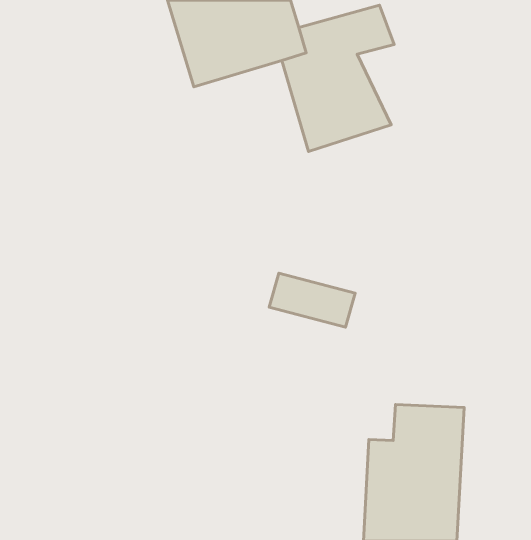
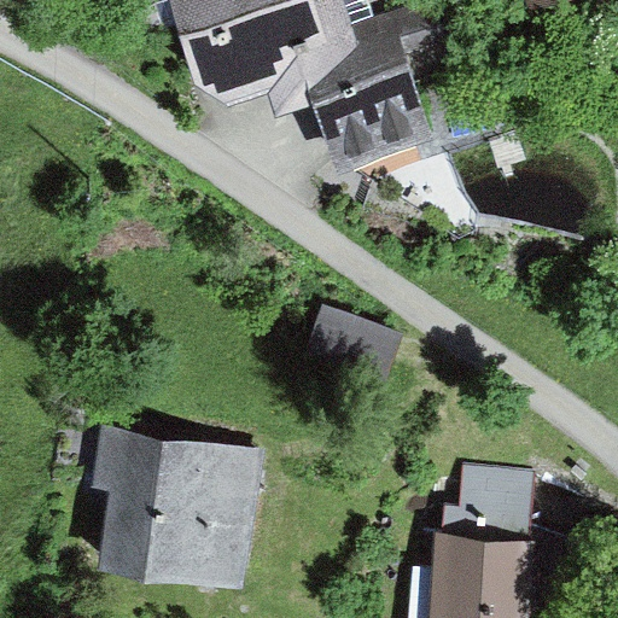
building: none -> [98,433,252,577]

